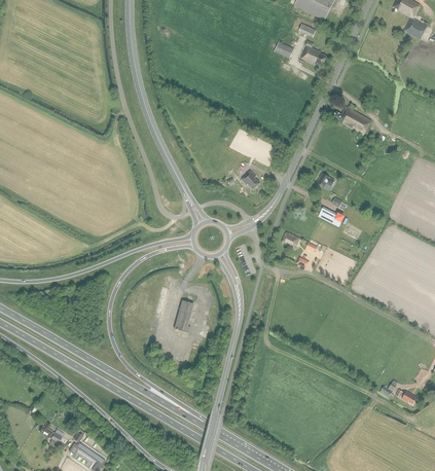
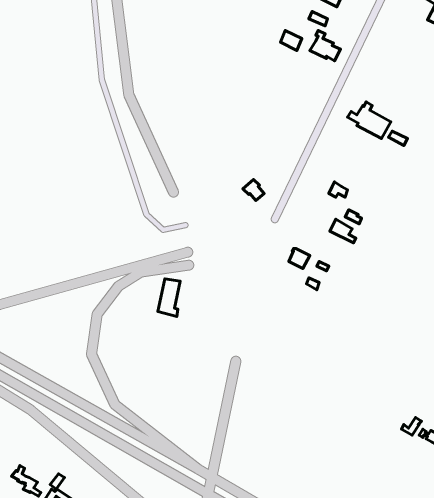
building: [171,299,190,332] -> [158,279,180,316]

